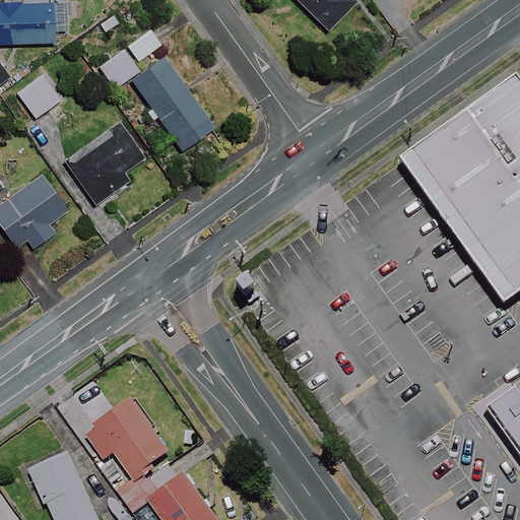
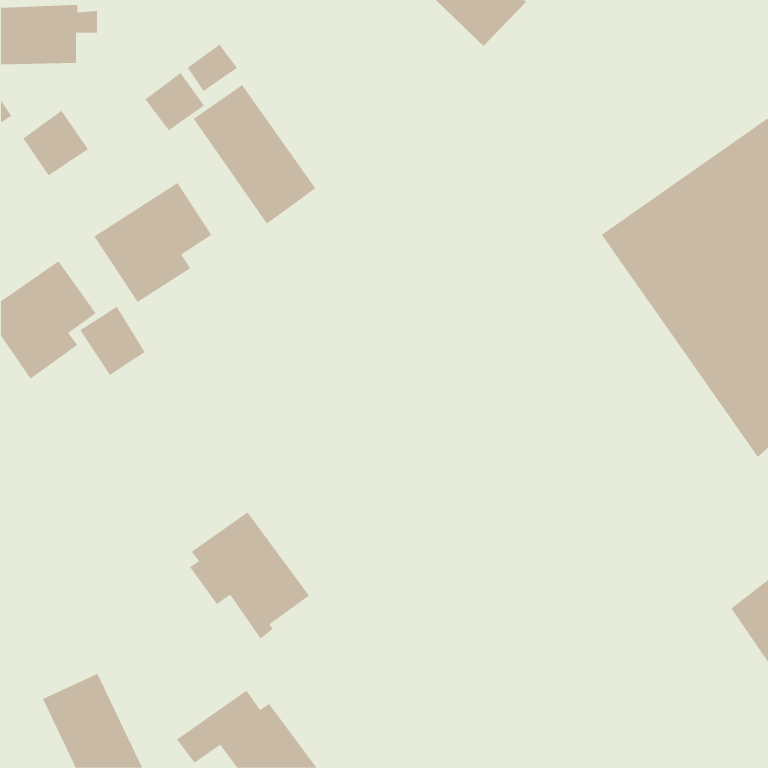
building: none -> [79,306,145,376]
building: [87,396,169,482] -> [189,511,310,639]

